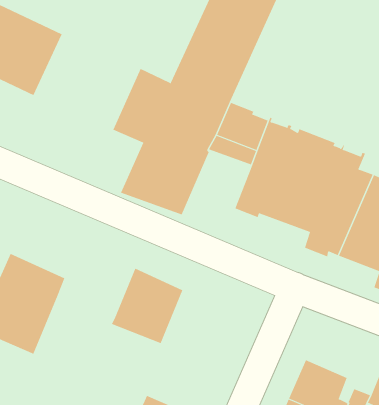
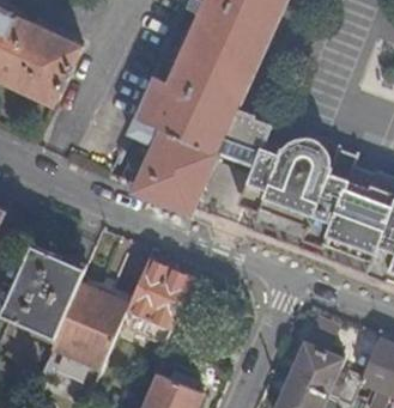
building: none -> [47,285,127,373]

